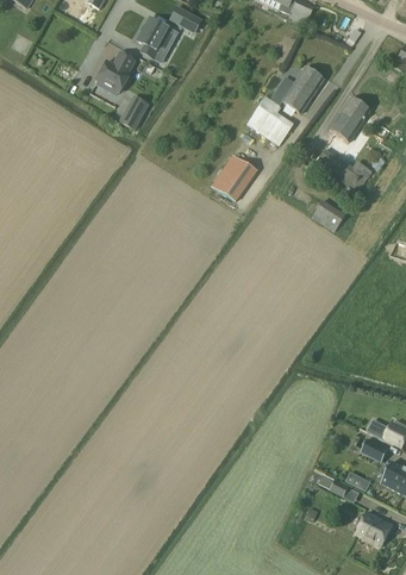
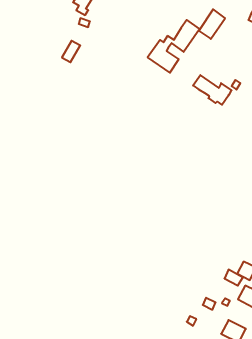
building: [95,51,133,92] -> none
building: [330,96,369,140] -> [199,9,225,39]
building: [211,152,257,201] -> none
building: [311,200,344,231] -> none

